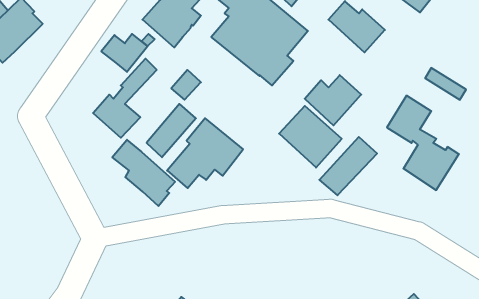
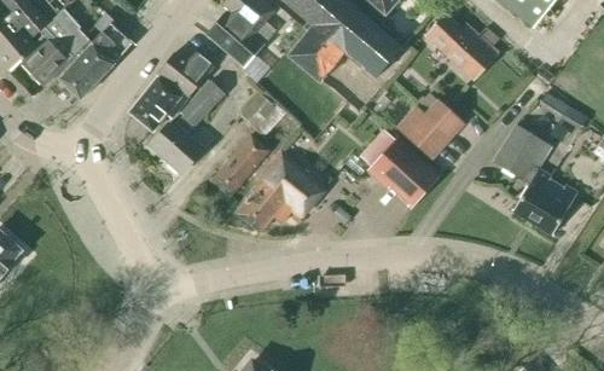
building: none -> [57,24,132,100]
building: none -> [129,77,188,132]
building: [319,137,377,195] -> none
building: [112,140,175,206] -> none

